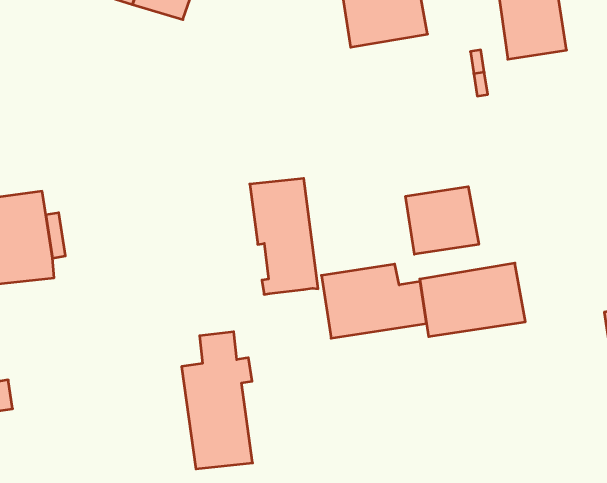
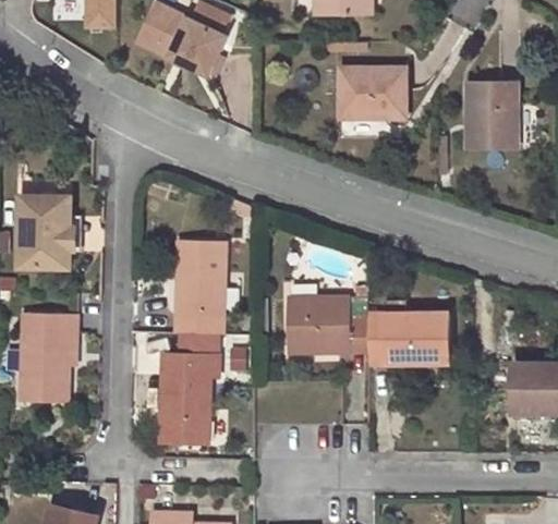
building: [250,178,318,294] -> [177,241,223,334]
building: [406,187,479,254] -> none
building: none -> [22,313,76,401]

